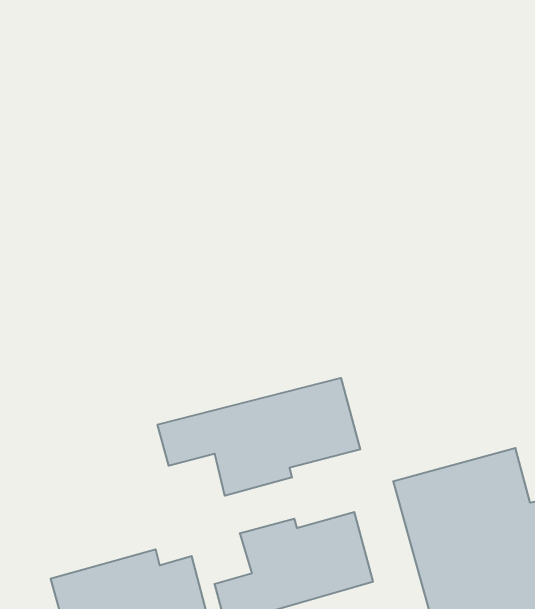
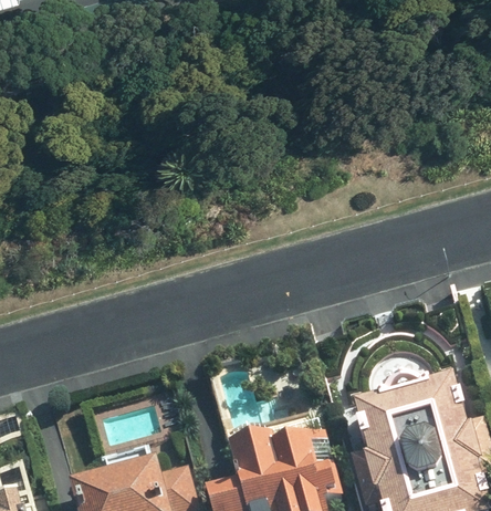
building: [158,378,360,496] -> none

